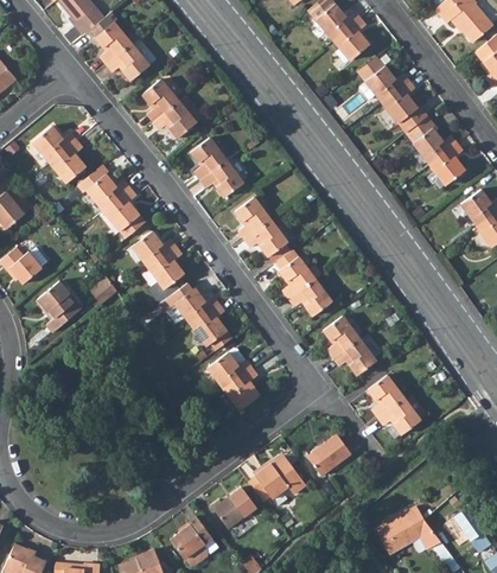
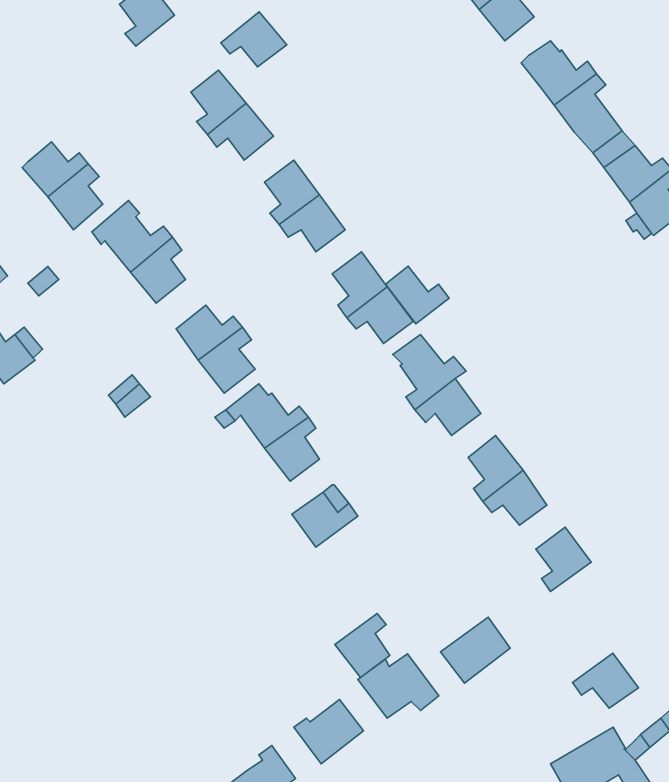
building: [108,44,151,79] -> [221,12,287,67]
building: none -> [386,266,449,324]
building: [38,280,81,331] -> none
building: [224,368,260,409] -> [335,613,390,678]
building: [376,397,419,433] -> [572,653,638,708]

